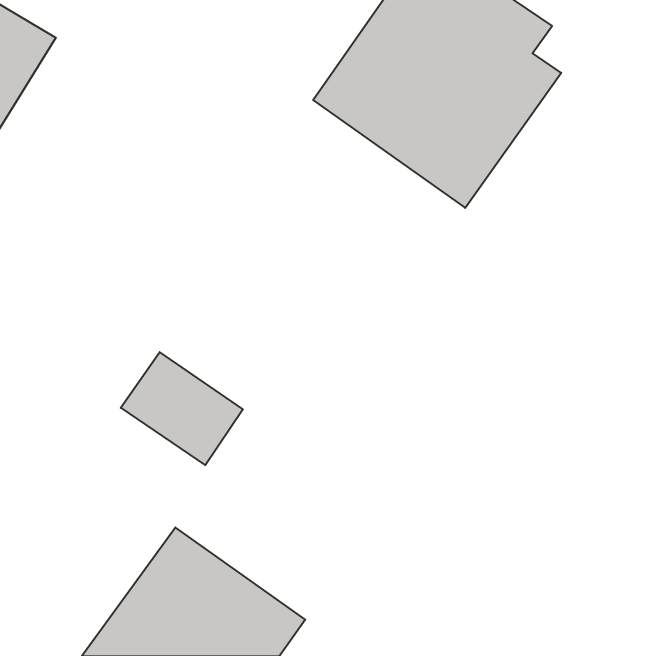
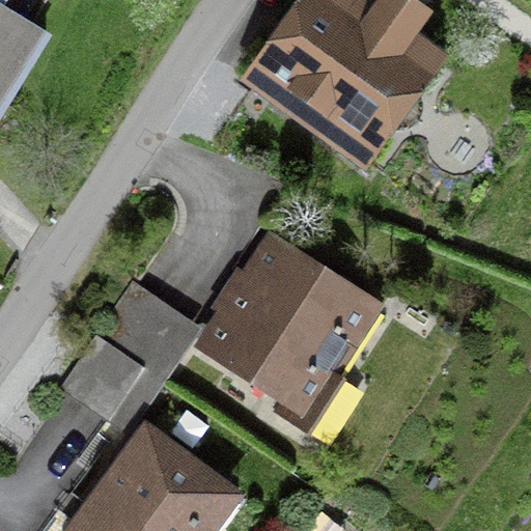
building: none -> [202,236,392,418]
building: none -> [59,334,141,416]

